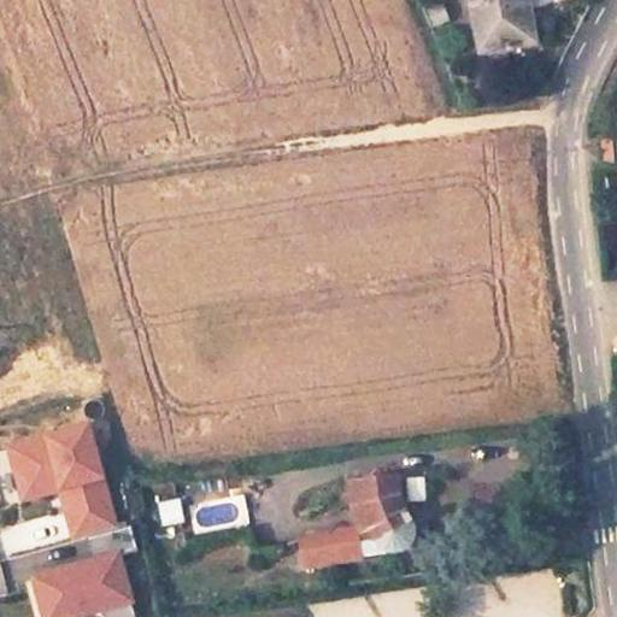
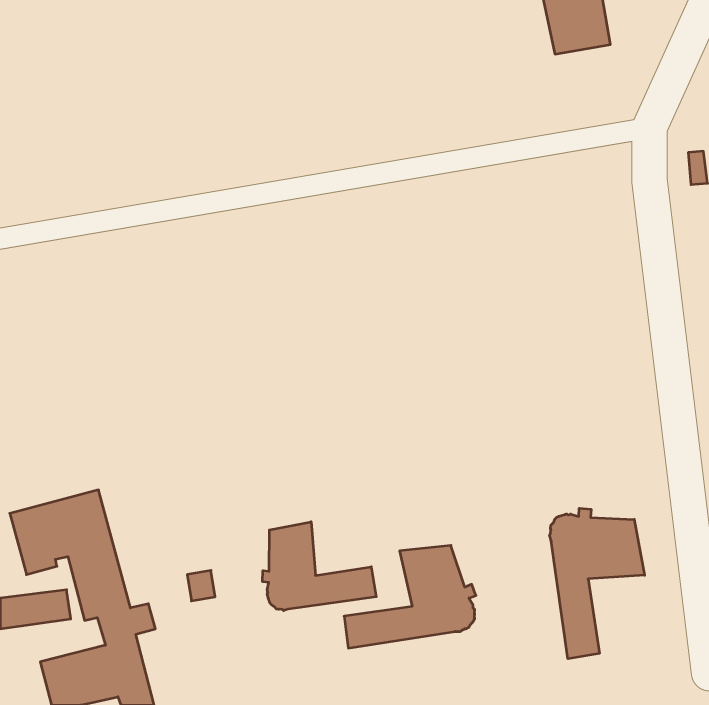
building: none -> [550,508,645,659]
building: none -> [263,522,376,611]

